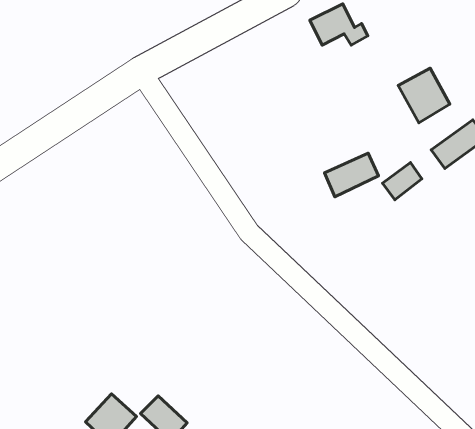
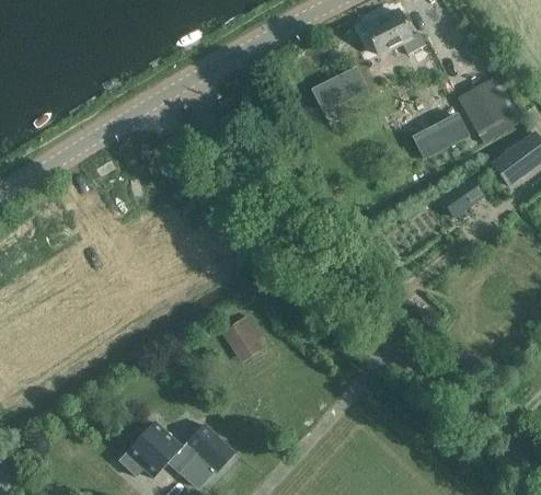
building: none -> [311,67,370,114]
building: [324,153,378,197] -> [413,114,470,160]
building: none -> [220,312,257,349]

